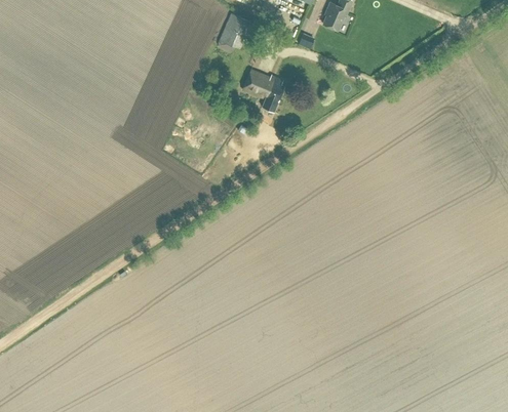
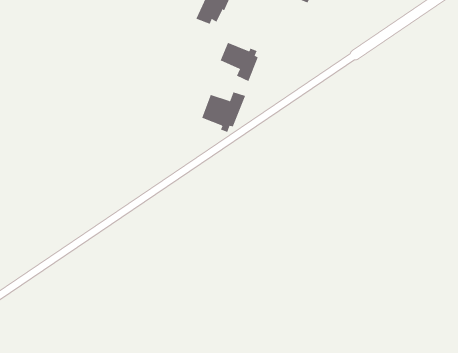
building: none -> [201,92,246,133]

